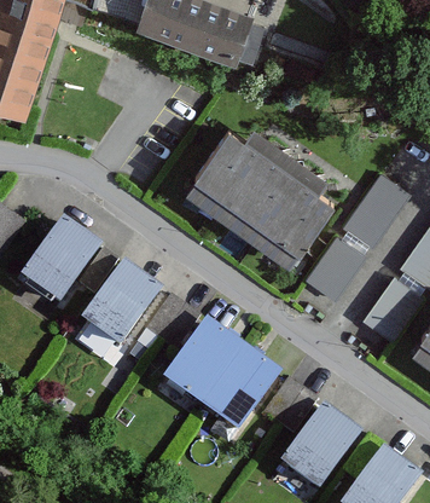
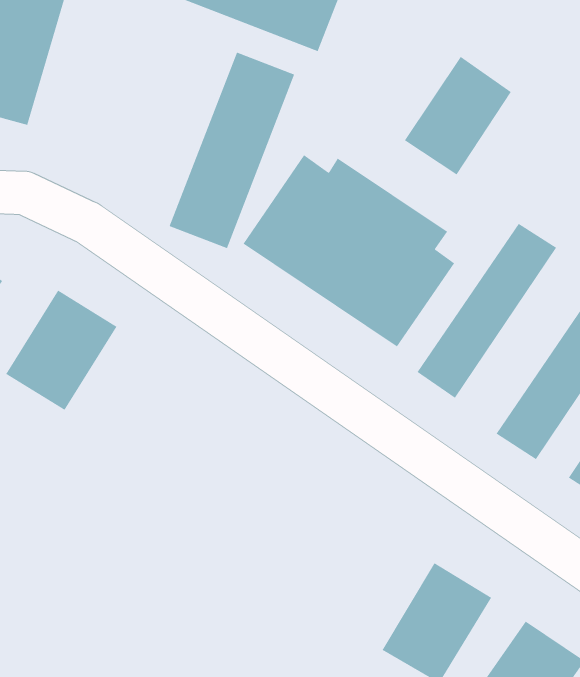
building: none -> [169,52,295,249]
building: none -> [404,56,512,176]
building: [85,266,159,346] -> none
building: [164,322,283,434] -> none

